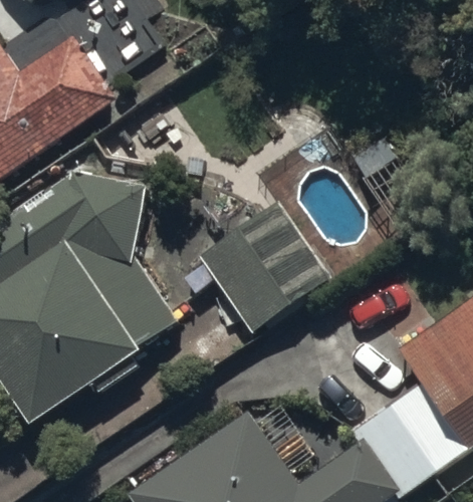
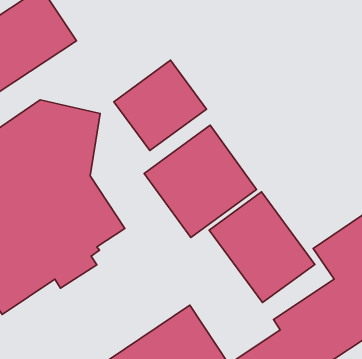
building: none -> [114,60,207,151]
building: none -> [209,192,315,303]

